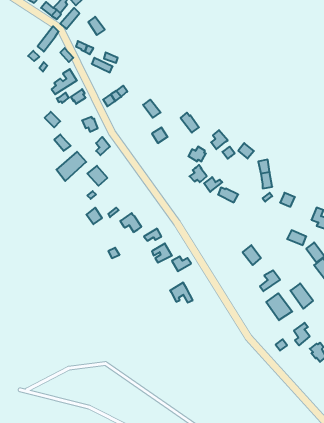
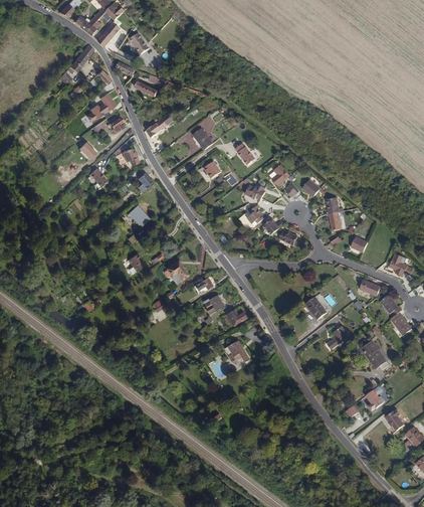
building: [56,152,86,181] -> none
building: [266,293,292,320] -> none

